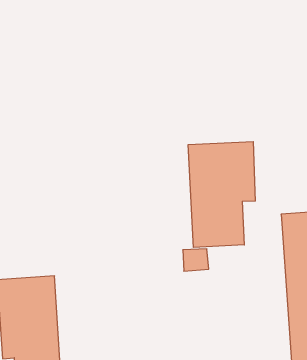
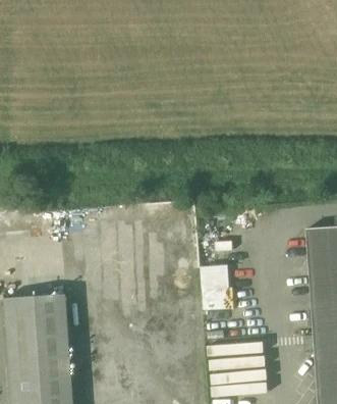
building: [188,142,255,247] -> none

